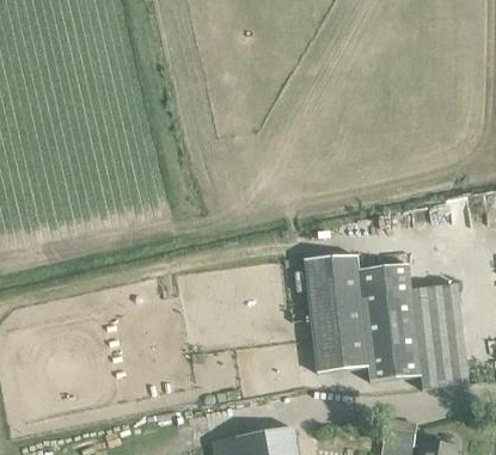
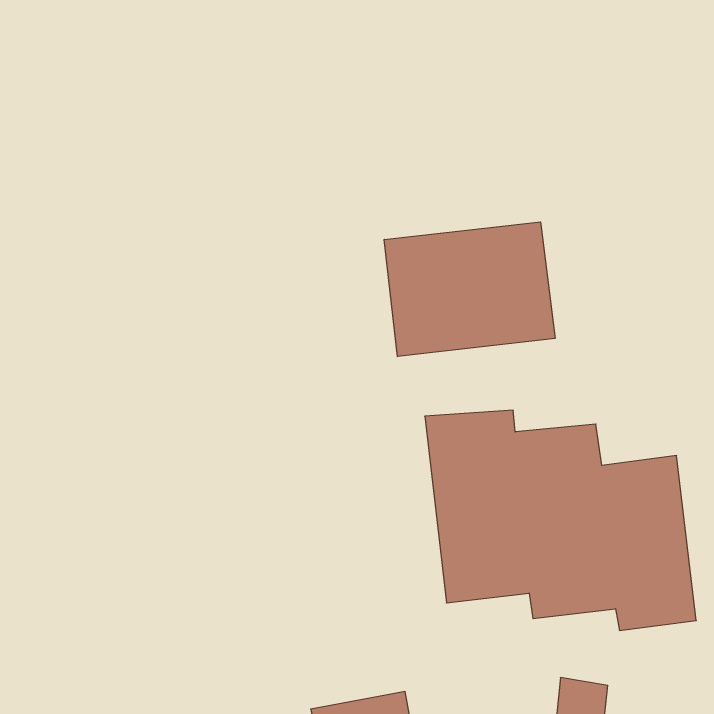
building: none -> [384,222,555,357]

